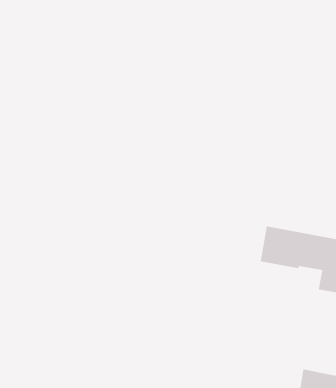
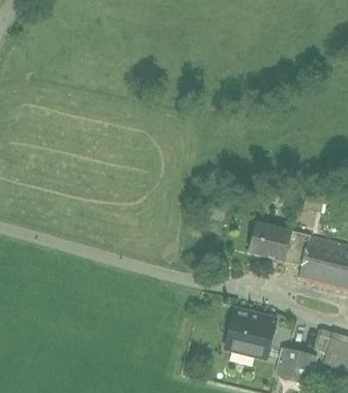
building: none -> [227,314,278,358]

